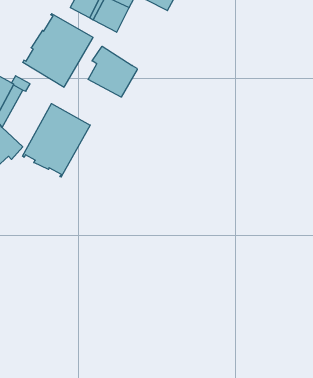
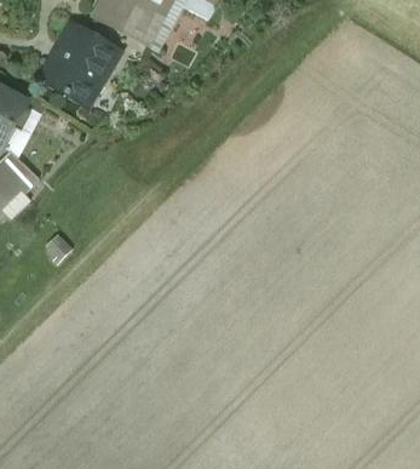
building: [88,46,137,97] -> none
building: [23,104,90,177] -> none

